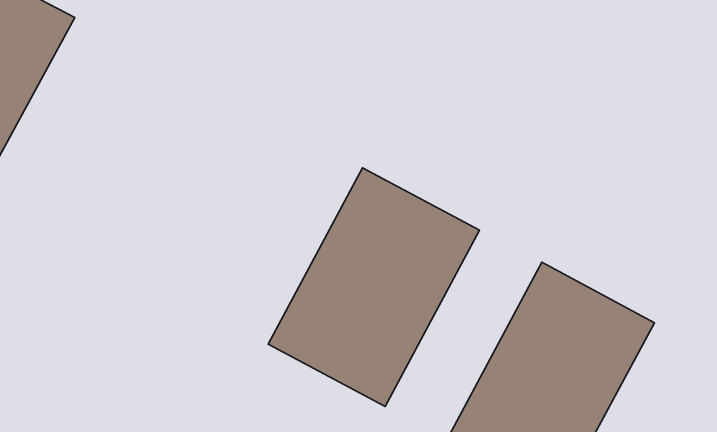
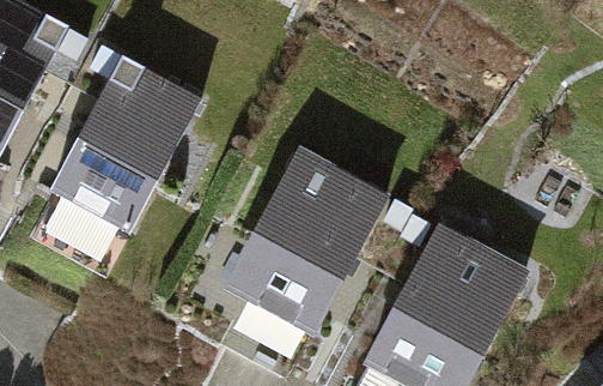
building: none -> [49,56,205,239]

